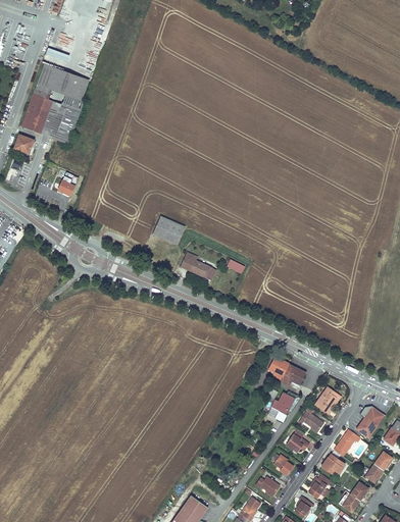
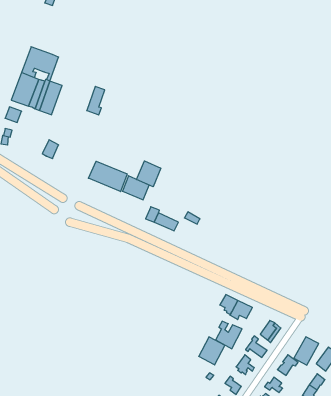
building: [66,75,88,109] -> [87,86,105,115]
building: none -> [137,161,161,187]
building: none -> [88,161,127,192]
building: none -> [199,337,225,365]

